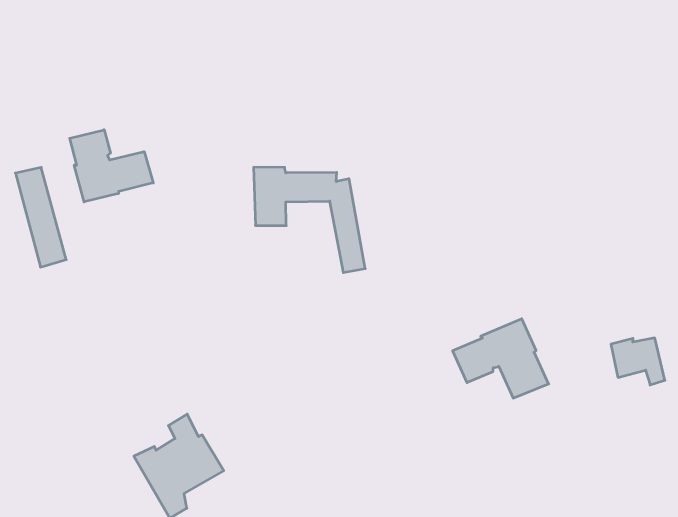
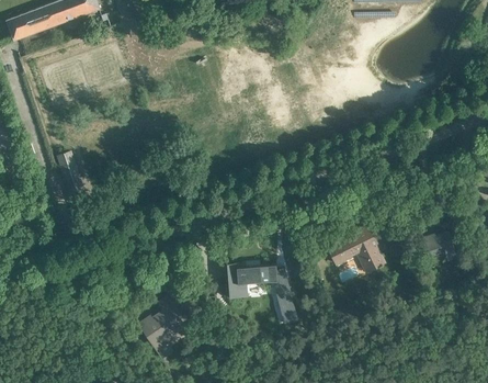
building: [70,130,153,202] -> none
building: [254,167,365,273] -> [226,262,297,324]

